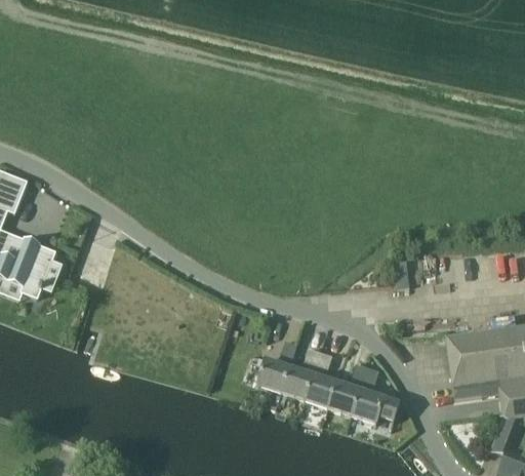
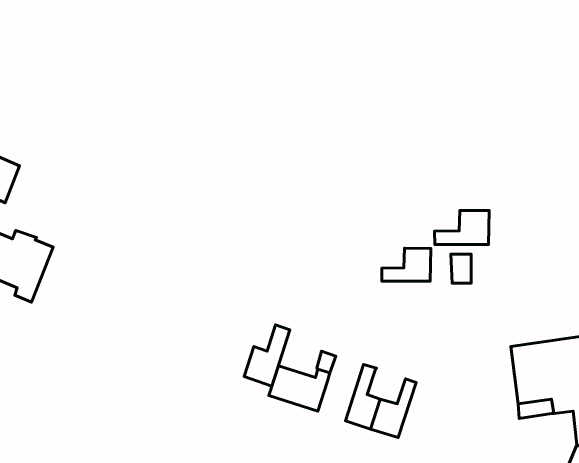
building: none -> [435,210,489,244]
building: none -> [382,248,431,281]
building: [282,348,321,400] -> [244,325,290,386]
building: [351,367,400,424] -> none

